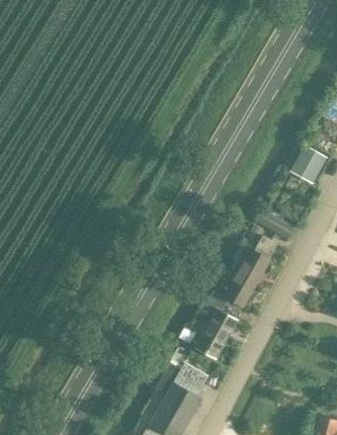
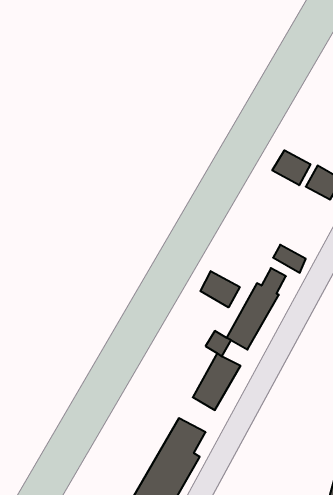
building: none -> [272,150,310,185]
building: none -> [200,271,240,307]

